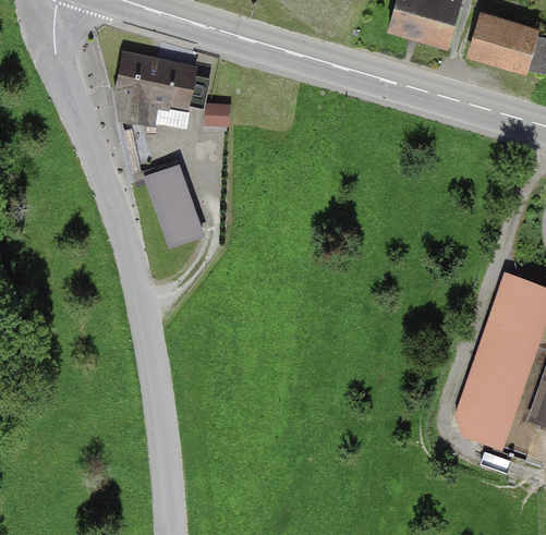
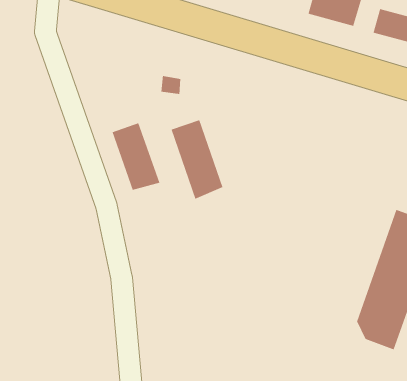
building: [116,50,197,127] -> none
building: none -> [171,119,224,200]

